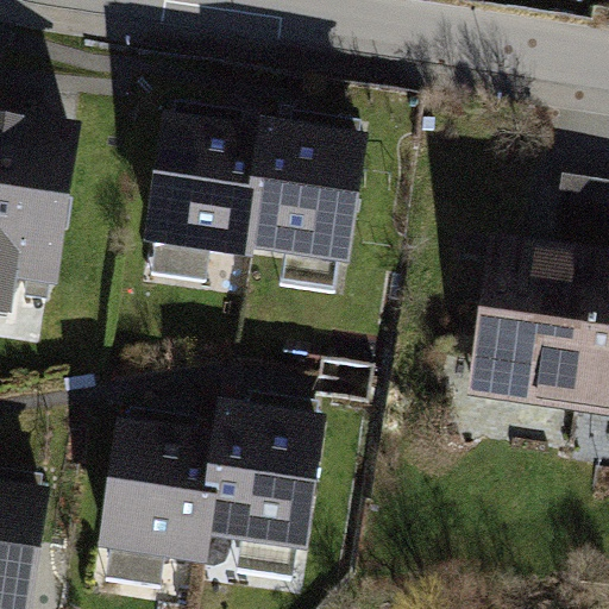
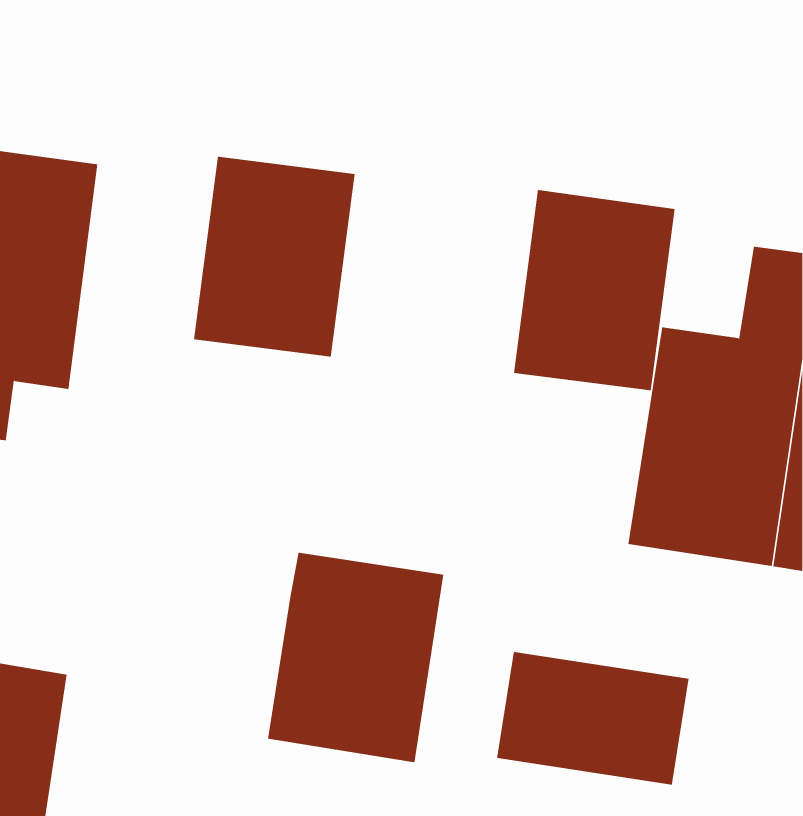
building: [245,133,365,282] -> [513,190,676,391]
building: [95,431,214,580] -> none
building: none -> [497,651,689,785]

